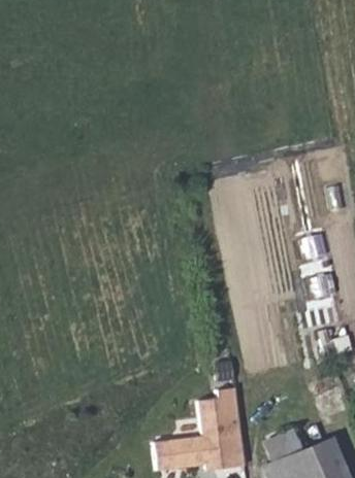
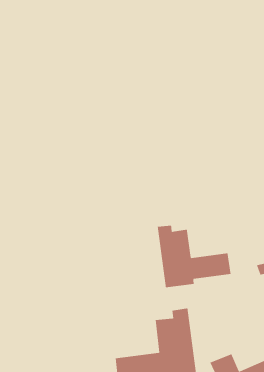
building: none -> [157,225,231,288]

